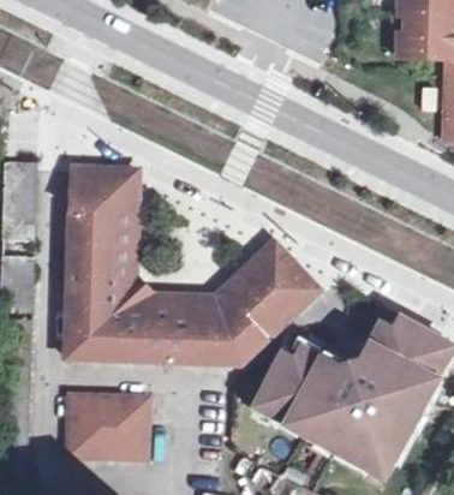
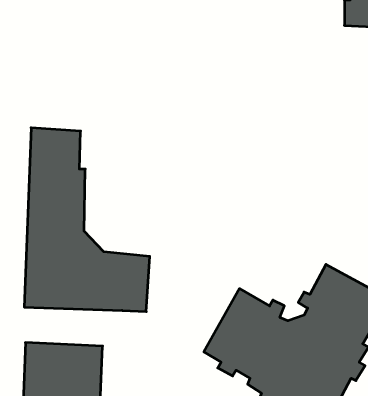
building: [205,245,319,360] -> none

